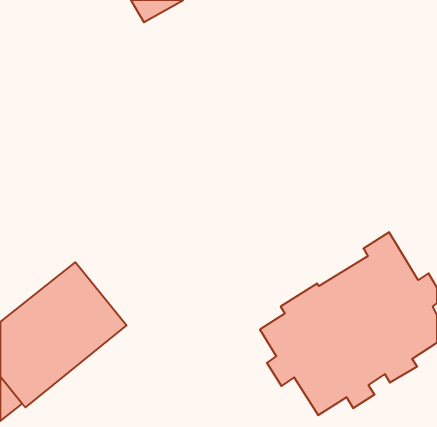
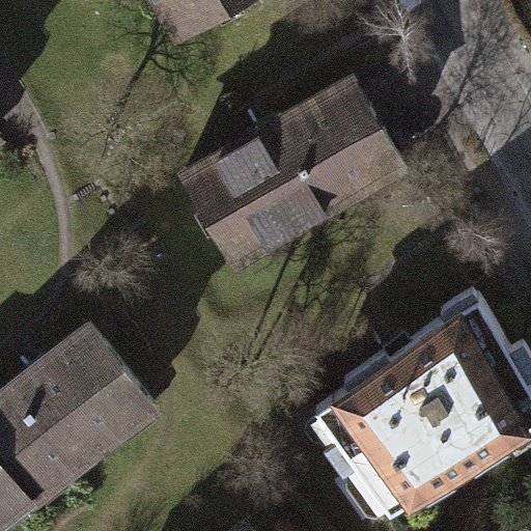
building: none -> [180,86,401,264]

